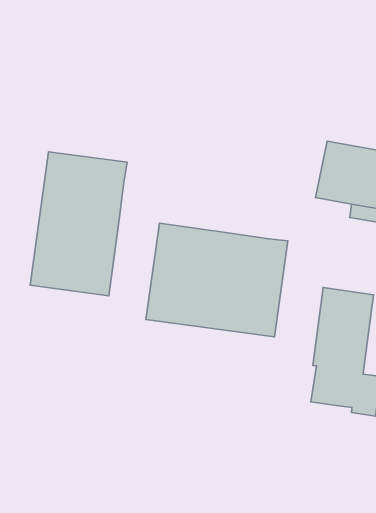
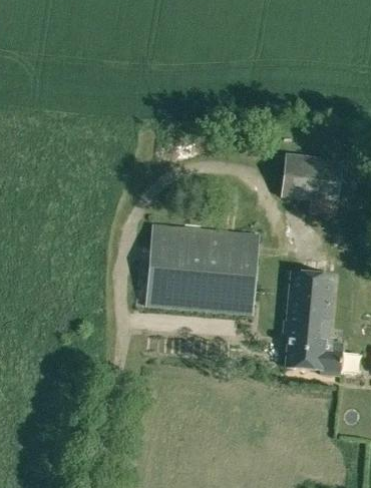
building: [30,152,127,296] -> none

